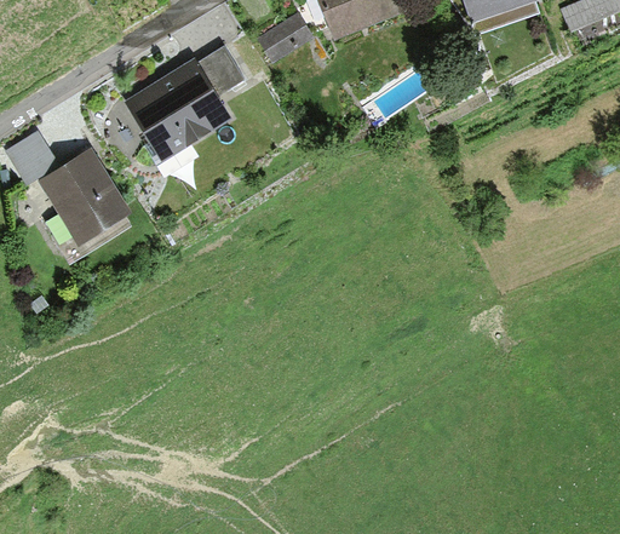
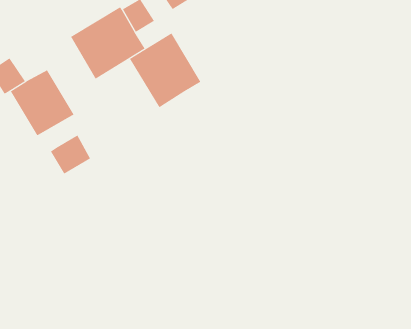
building: none -> [129,32,201,108]
building: none -> [50,134,91,175]

